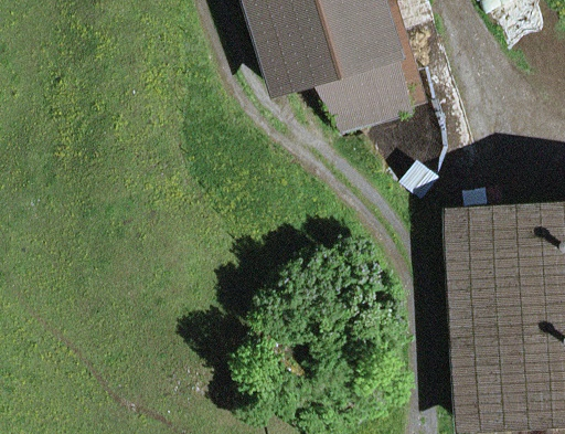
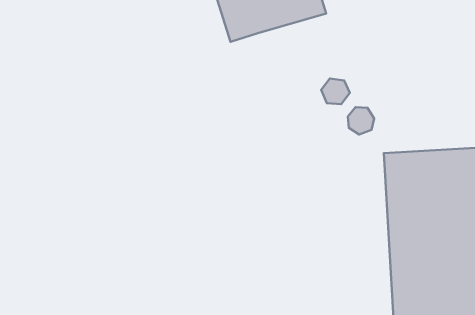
building: [303,54,399,127] -> none

